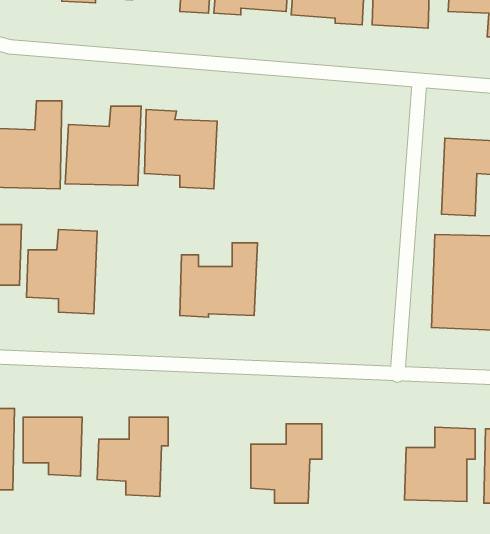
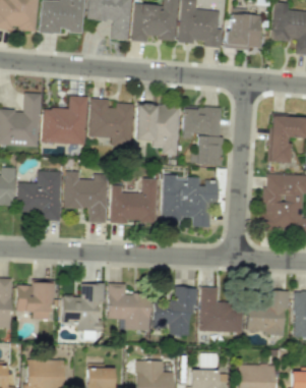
building: none -> [136,103,180,155]
building: none -> [183,106,224,166]
building: none -> [65,171,109,222]
building: none -> [163,176,219,226]
building: none -> [108,283,150,330]
building: none -> [200,286,243,332]

